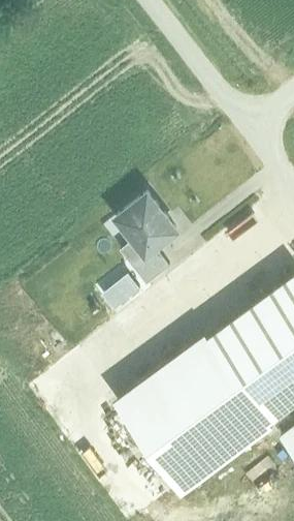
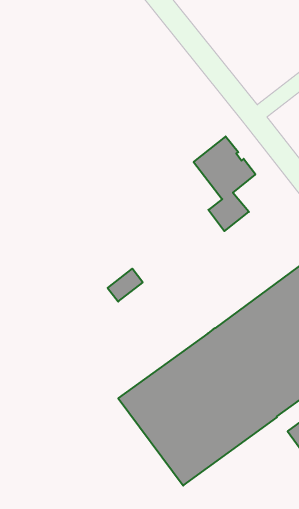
building: [115,196,174,288] -> [194,136,255,231]

